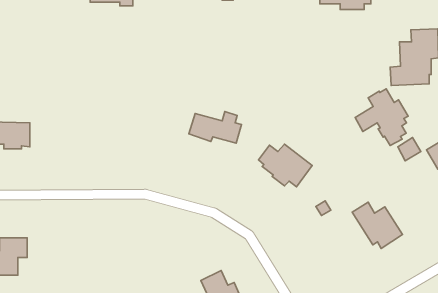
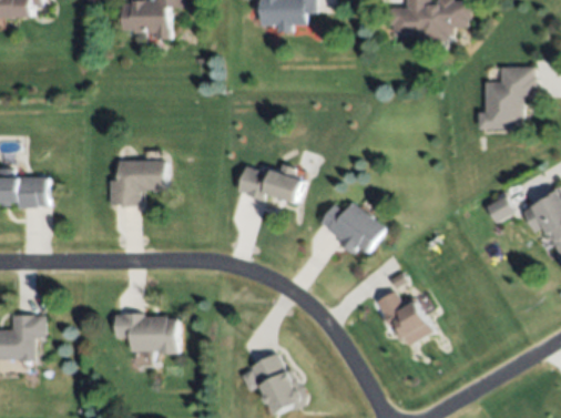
building: [355,89,408,146] -> none
building: none -> [109,161,164,206]
building: [352,202,402,248] -> [375,292,435,347]
building: none -> [114,314,176,355]

